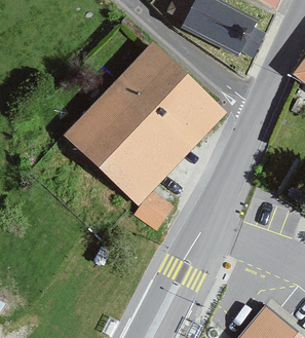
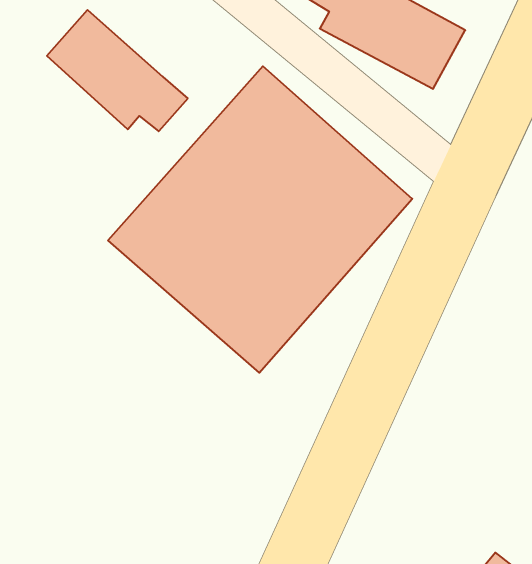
building: none -> [47,10,188,131]

